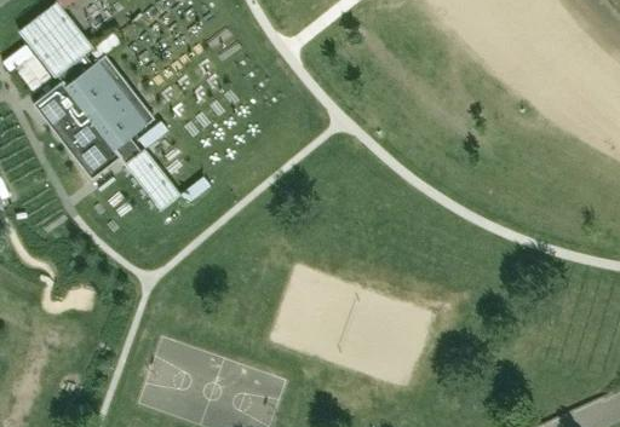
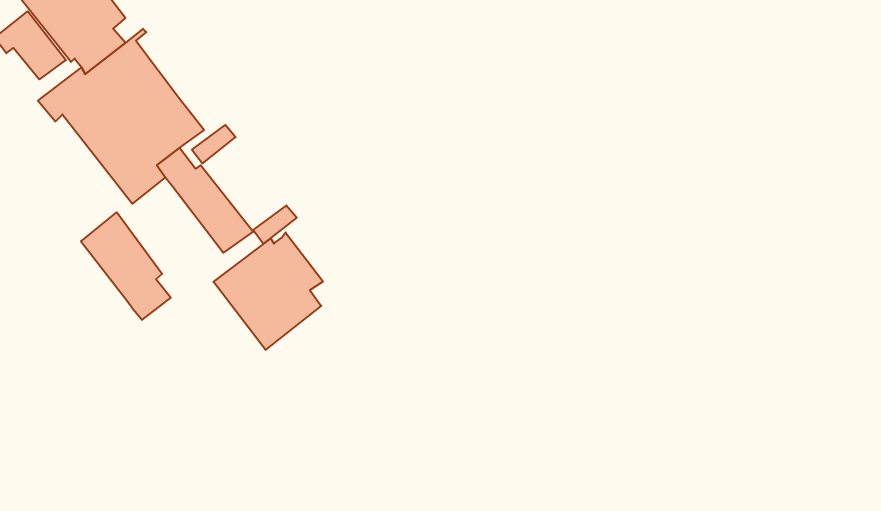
building: none -> [81,212,171,320]
building: none -> [213,232,323,350]

